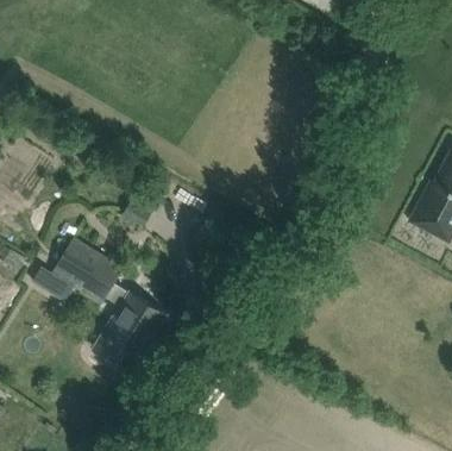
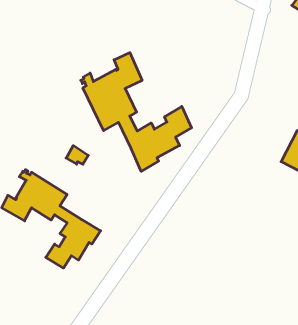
building: none -> [81,53,192,171]

